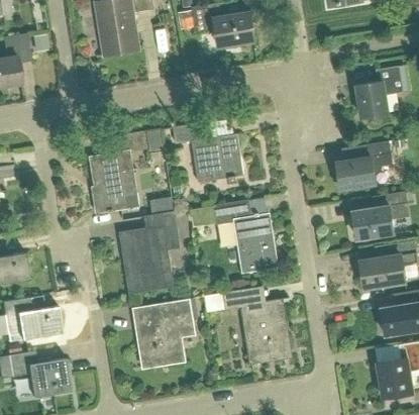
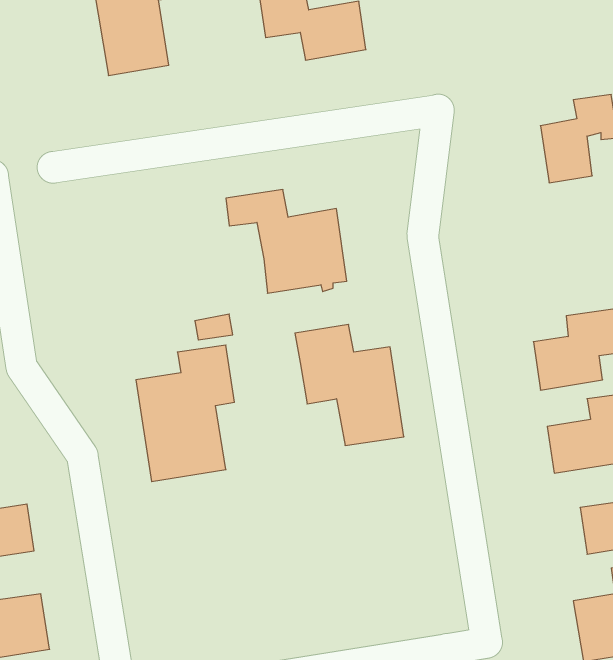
building: [90,131,147,213] -> none
building: [336,140,392,189] -> none
building: [223,289,291,364] -> none
building: [134,299,193,370] -> none

